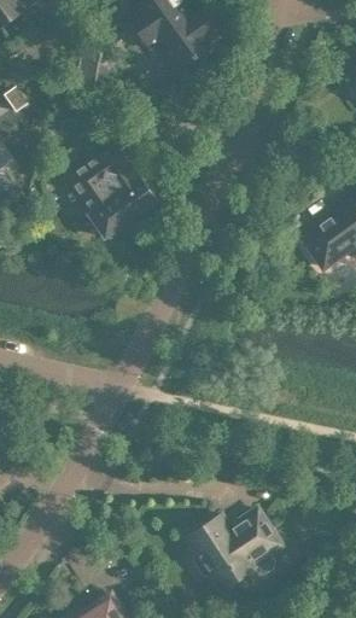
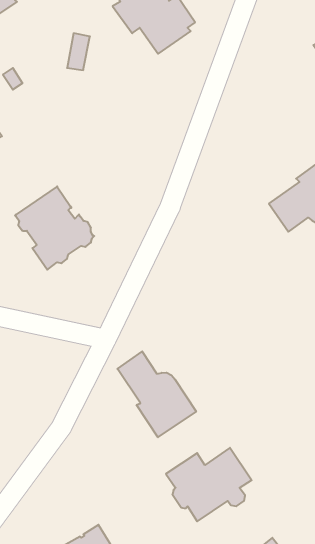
building: [70,145,158,238] -> [15,186,94,270]
building: none -> [117,351,196,437]

